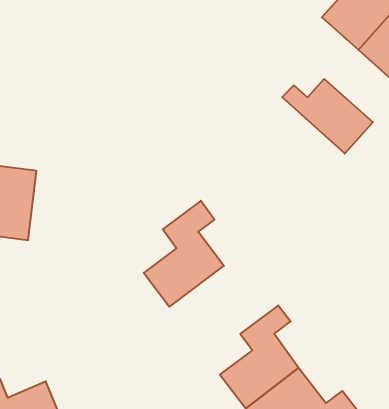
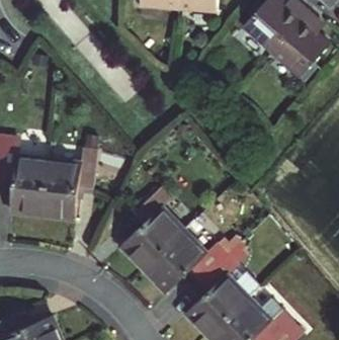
building: [282,79,373,154] -> none
building: none -> [38,142,94,209]
building: none -> [144,225,225,282]

